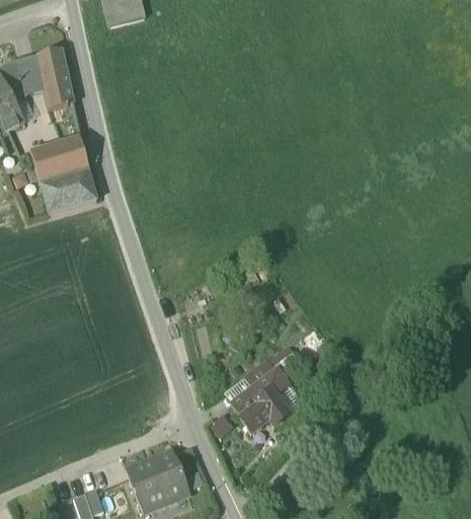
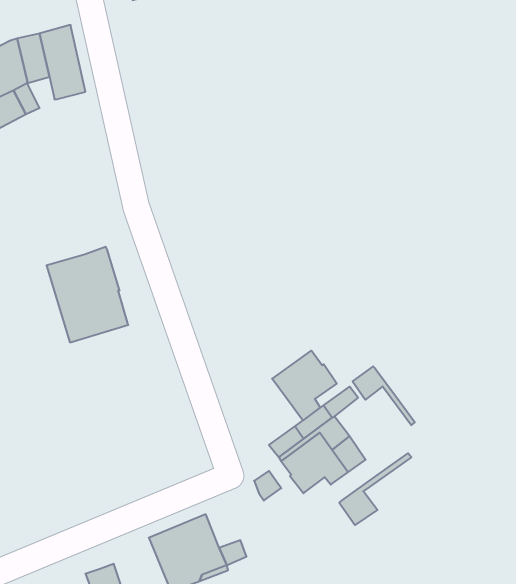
building: [29,135,96,213] -> [46,247,128,342]
building: none -> [272,351,337,420]
building: none -> [353,366,415,425]
building: none -> [339,453,411,525]

